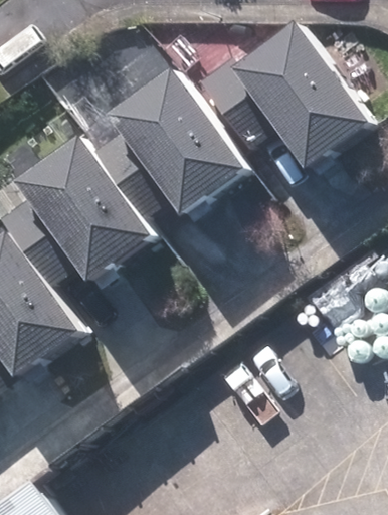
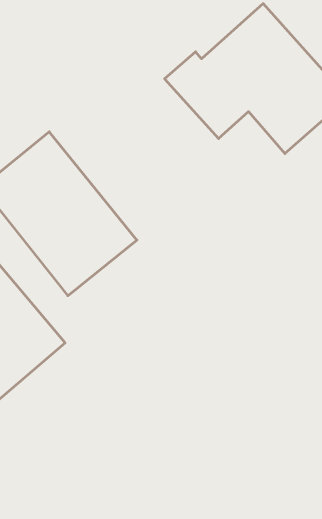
building: [108,68,242,214] -> none

